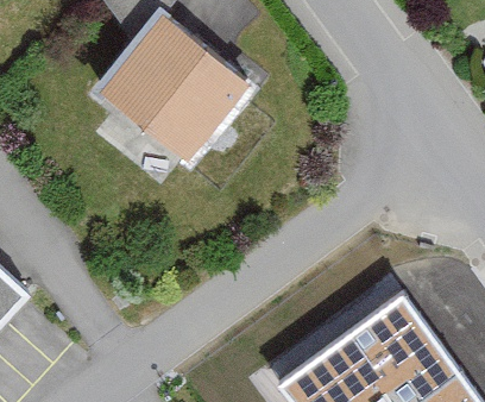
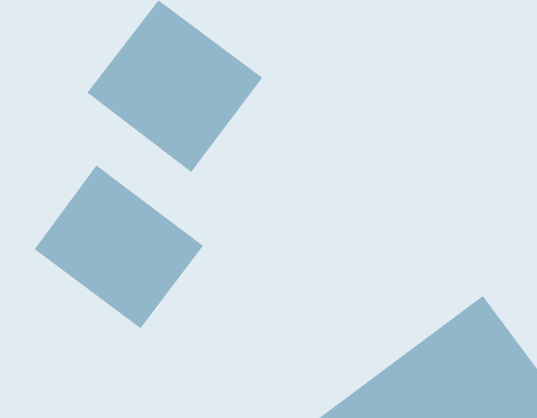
building: none -> [34,165,204,329]

